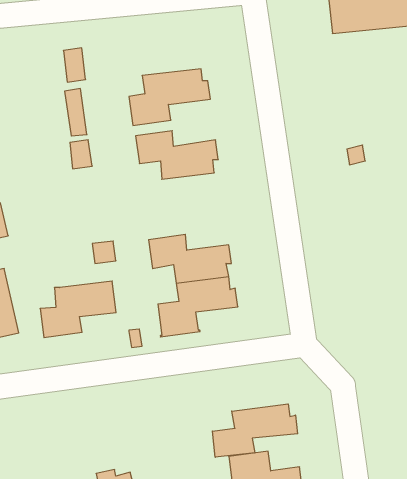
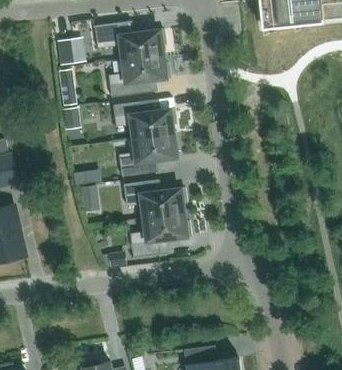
building: none -> [93,20,165,59]
building: [40,281,116,338] -> [118,133,176,176]
building: [212,404,298,457] -> none

